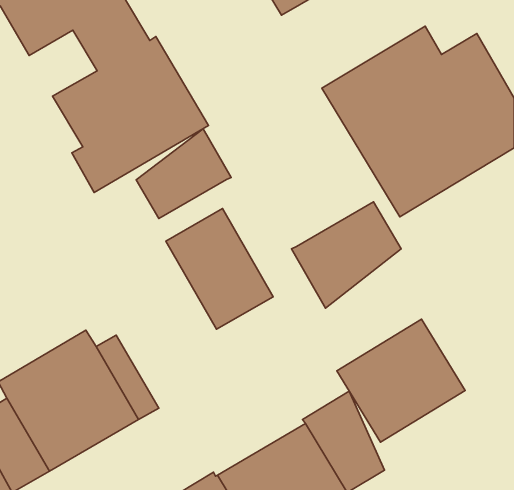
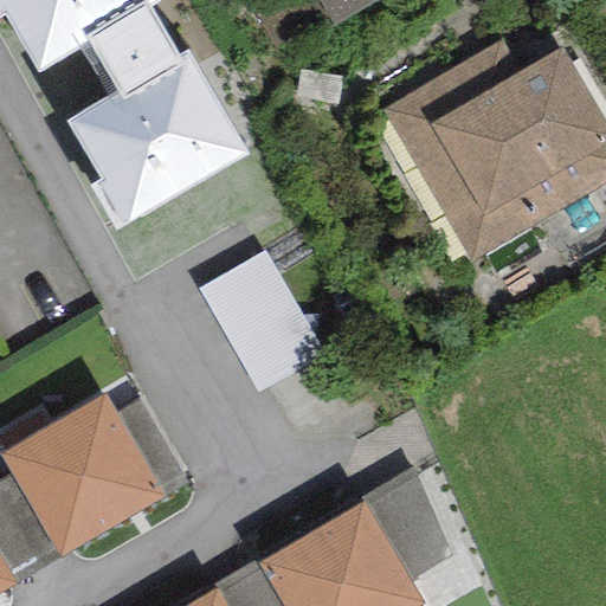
building: [136,129,231,219] -> none
building: [291,202,401,308] -> none
building: [337,319,465,442] -> none

